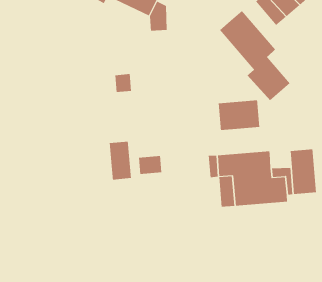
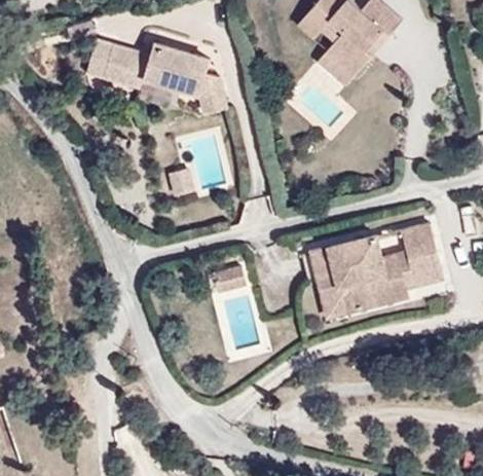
building: [219,10,291,101] -> none
building: [218,99,260,131] -> none
building: [109,141,131,180] -> none

